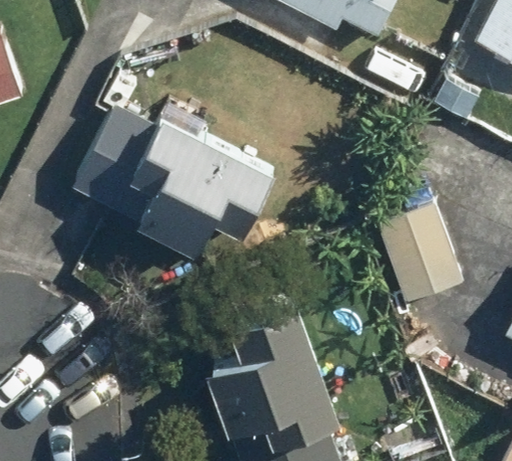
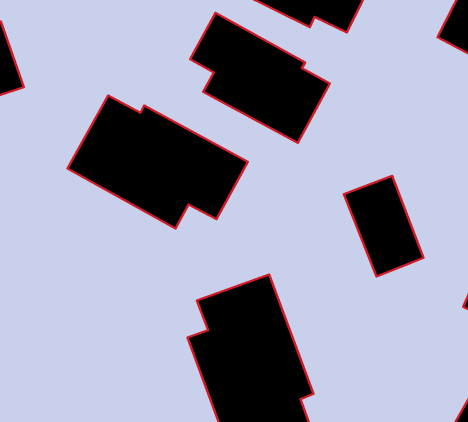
building: none -> [190,13,330,143]

